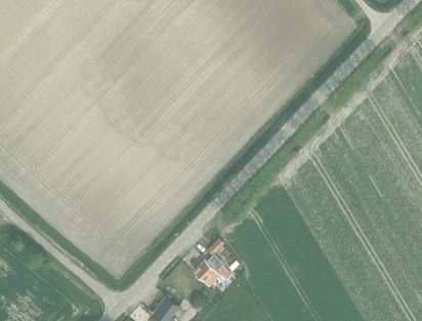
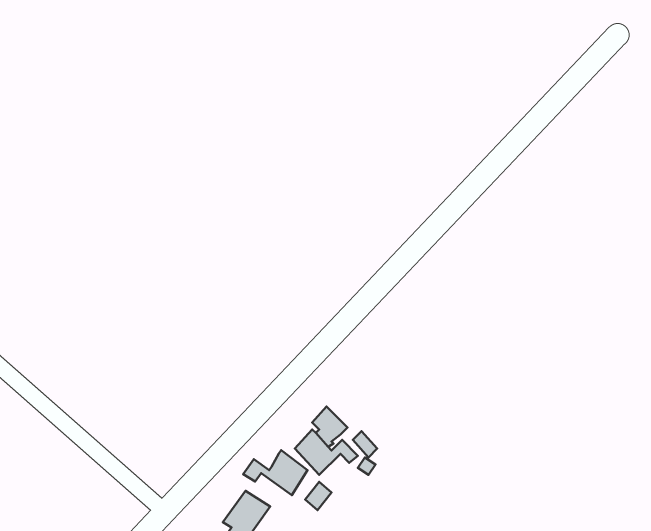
building: none -> [243,450,308,495]

